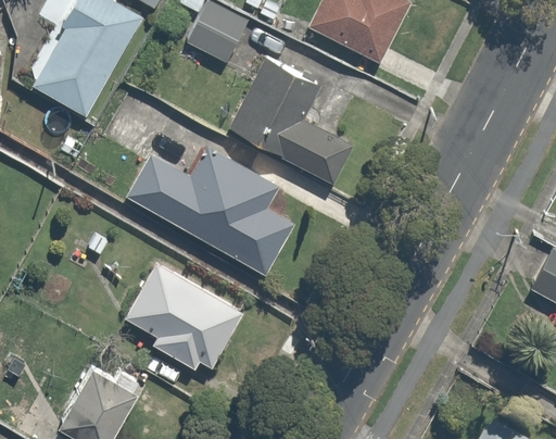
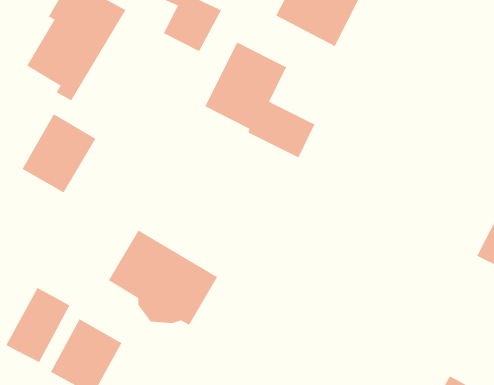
building: none -> [21,113,96,194]
building: [124,148,298,276] -> none
building: none -> [5,287,71,363]

